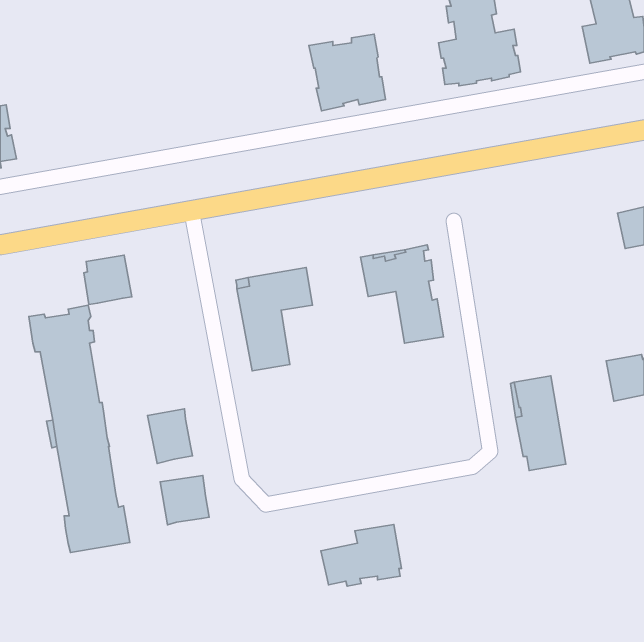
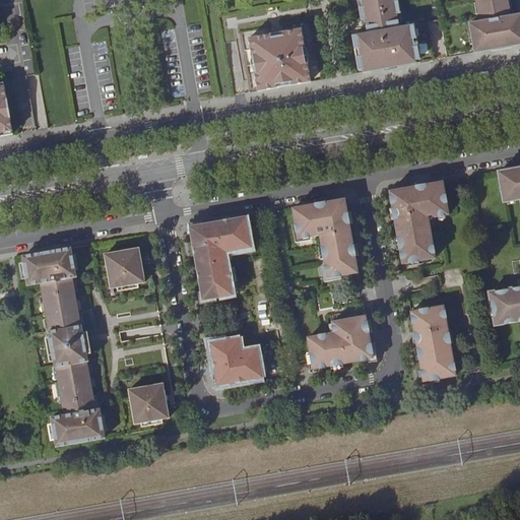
building: none -> [390,180,448,261]
building: [84,255,132,304] -> [107,247,145,286]
building: [148,409,192,463] -> none
building: none -> [210,336,264,384]
building: [321,524,401,586] -> [307,315,372,365]

